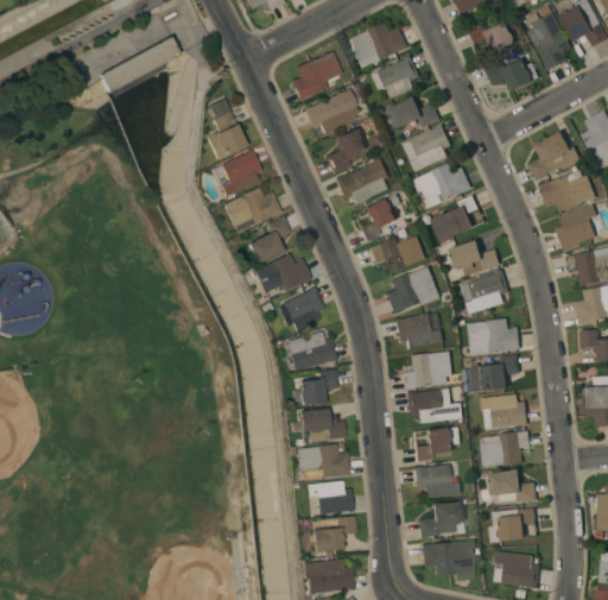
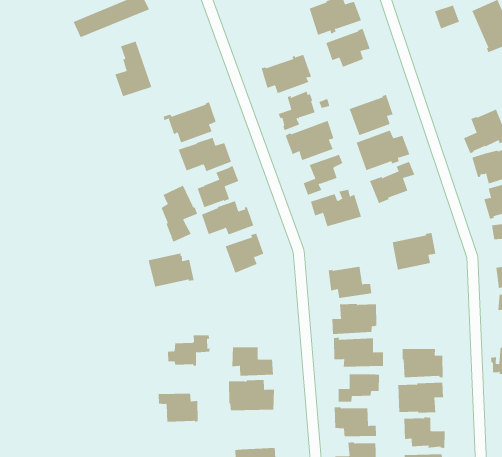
building: [291,51,342,101] -> none
building: [486,59,533,91] -> none
building: [387,96,441,130] -> none
building: [205,99,247,160] -> [115,41,152,97]
building: [450,240,501,276] -> none
building: none -> [161,185,198,242]
building: [386,266,442,314] -> none
building: [468,318,521,354] -> none
building: [285,331,337,371] -> [148,253,195,287]
building: [470,355,520,392] -> none
building: [291,370,337,405] -> [167,335,210,366]
building: [306,481,353,514] -> [158,393,198,422]

